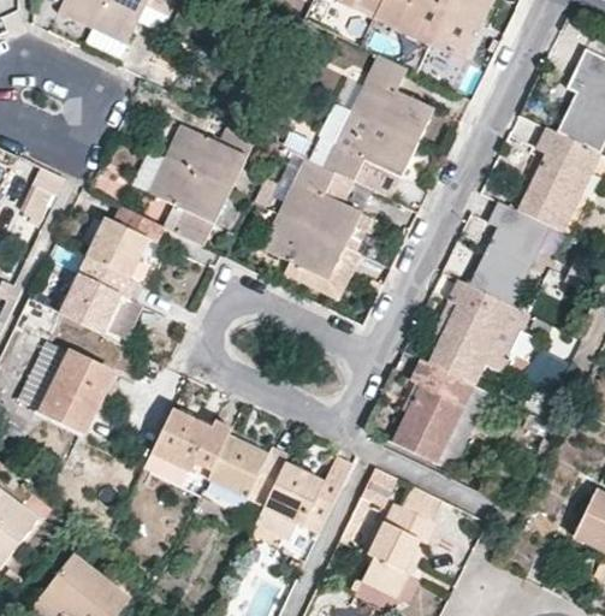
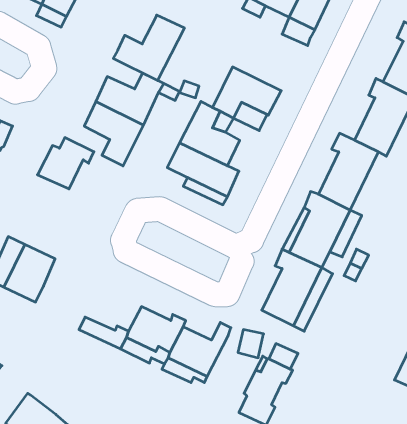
building: none -> [113,15,184,81]
building: [352,54,434,142] -> none
building: [59,256,142,338] -> none
building: [152,408,232,469] -> none

